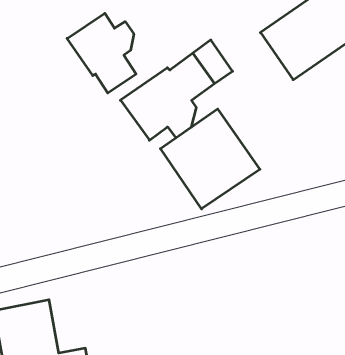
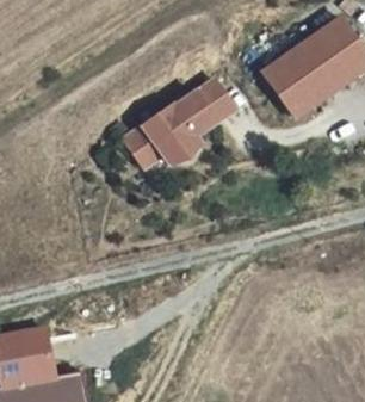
building: [67,13,136,93] -> none
building: [160,109,260,209] -> none

